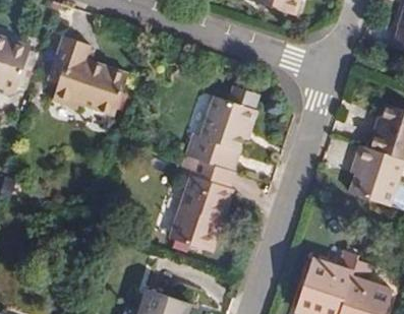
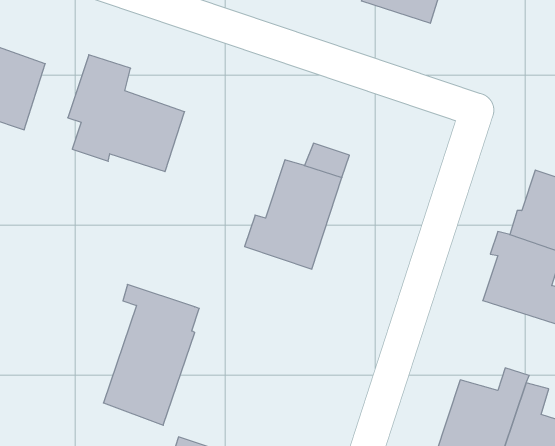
building: [156,168,221,263] -> [103,284,199,425]

